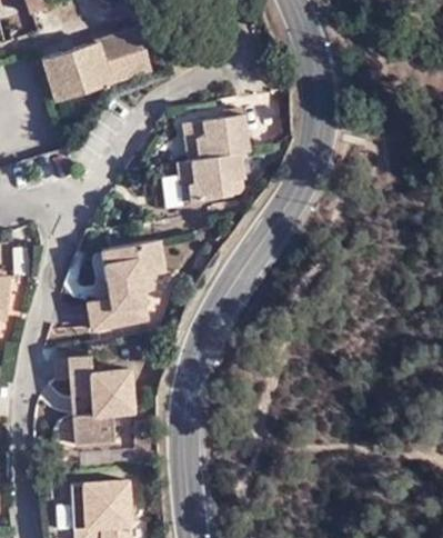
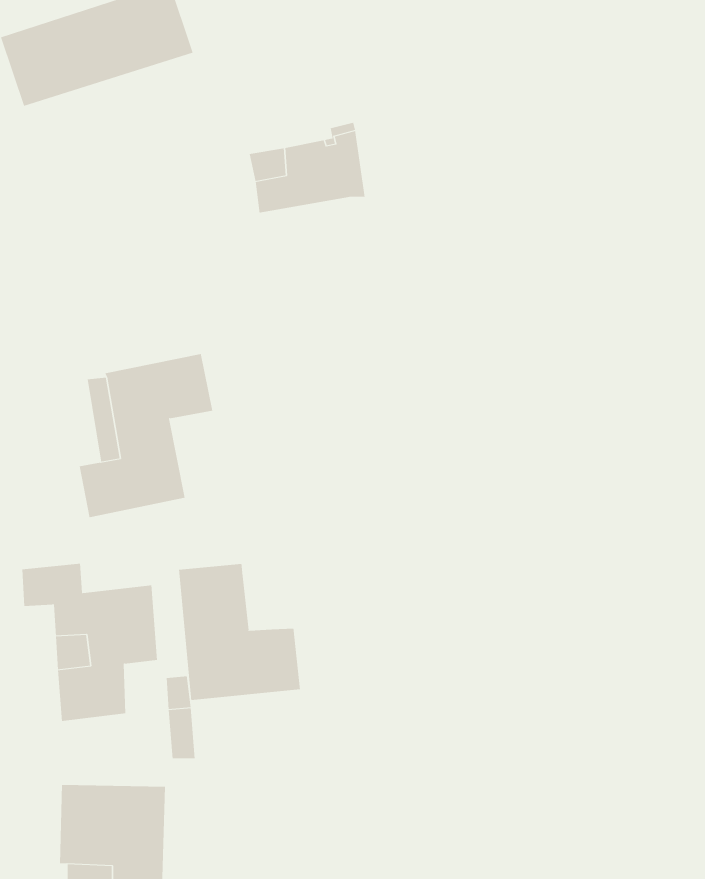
building: [179,152,243,205] -> none
building: none -> [178,563,300,701]

